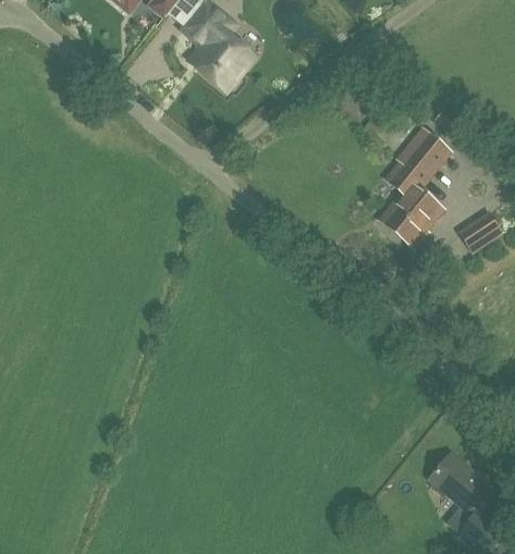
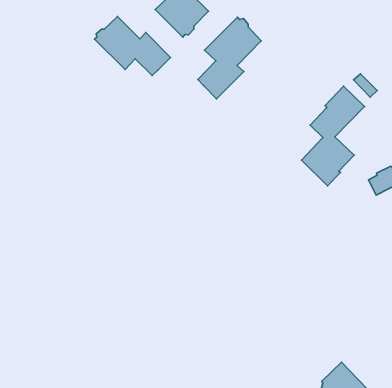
building: none -> [198,17,261,99]
building: none -> [95,17,171,75]

